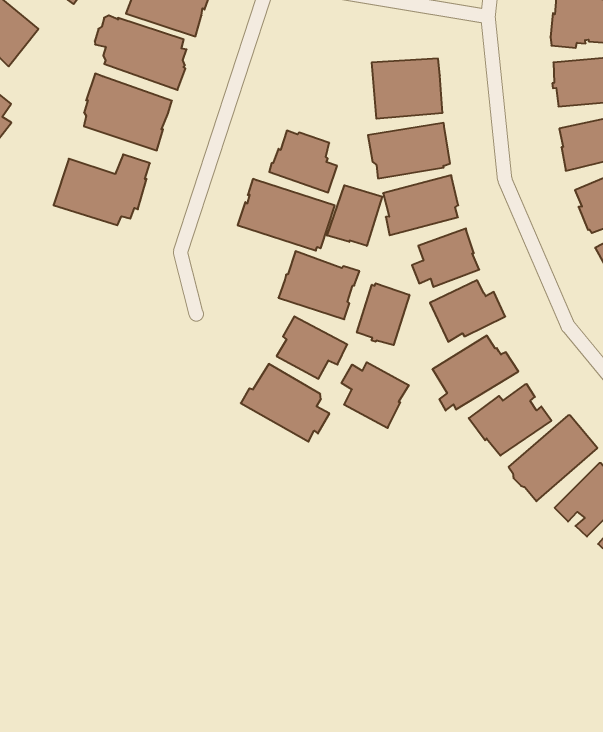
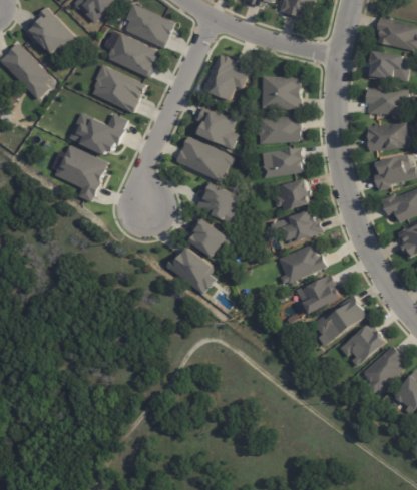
building: none -> [201,54,247,100]
building: [327,185,382,246] -> none
building: none -> [51,145,107,202]
building: [357,283,409,345] -> none
building: [342,362,409,428] -> none

